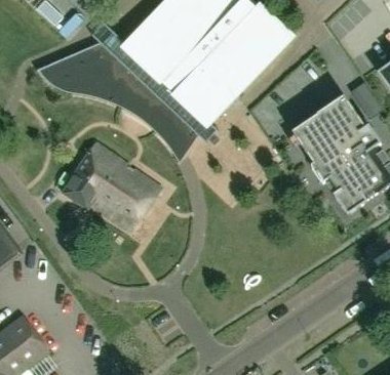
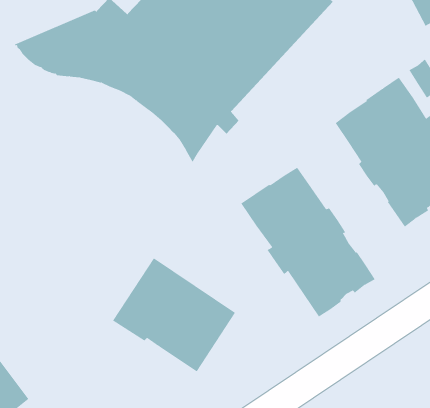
building: [62,140,160,232] -> [112,258,236,372]
building: none -> [240,167,376,318]

